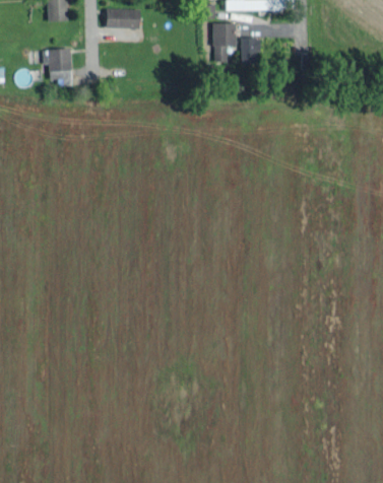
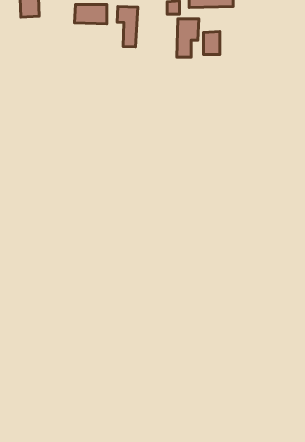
building: none -> [117,7,138,47]
building: [43,49,71,75] -> none

